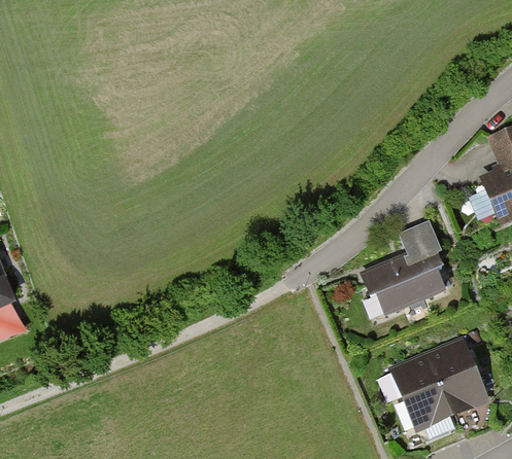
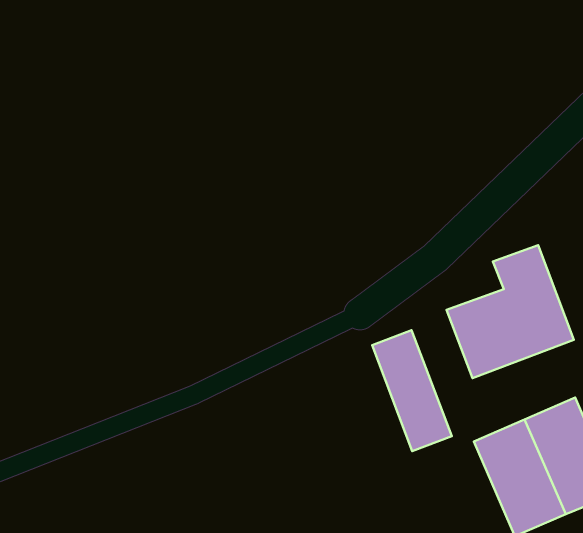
building: none -> [372,330,452,451]

